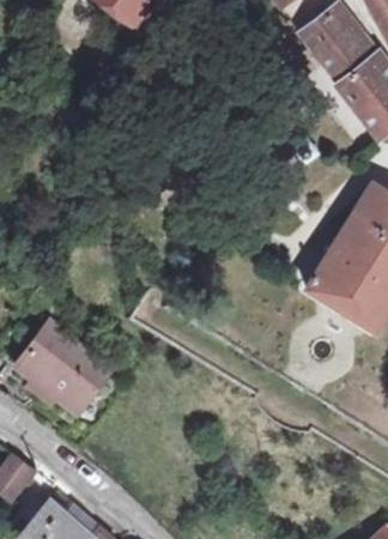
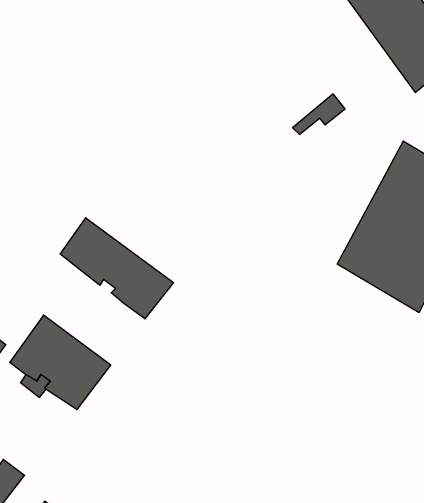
building: none -> [60,218,173,319]

